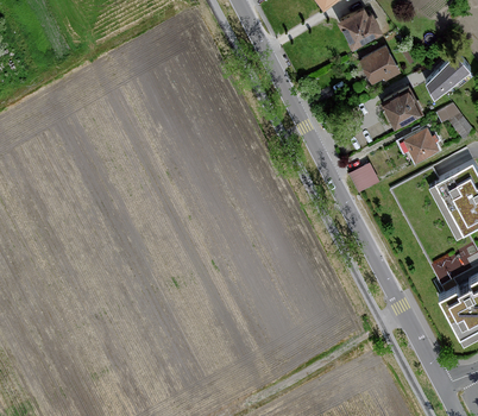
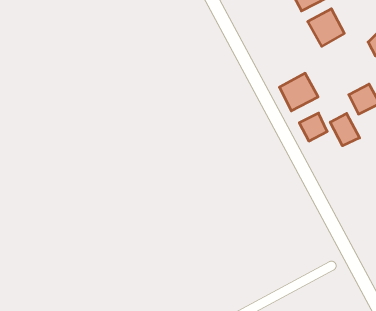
building: [379,87,422,128] -> [279,73,318,111]
building: none -> [330,113,360,146]

